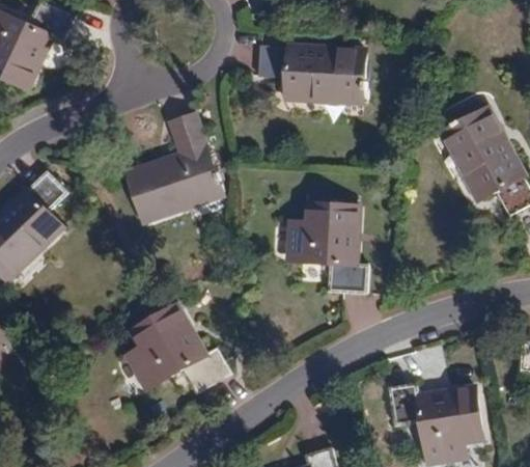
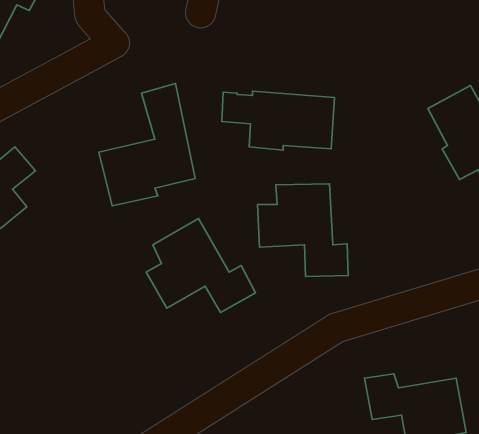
building: [256,44,363,100] -> [222,91,335,150]
building: [127,305,230,394] -> [146,219,255,312]

